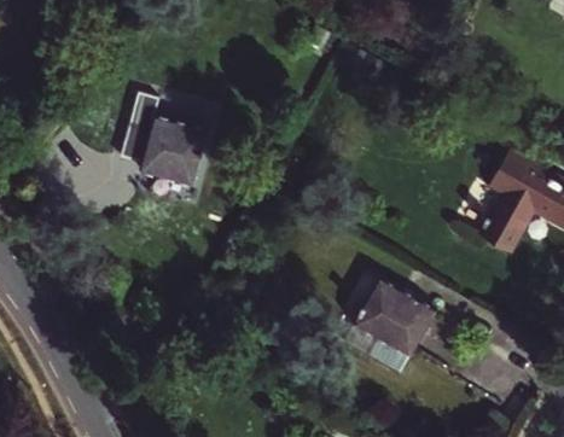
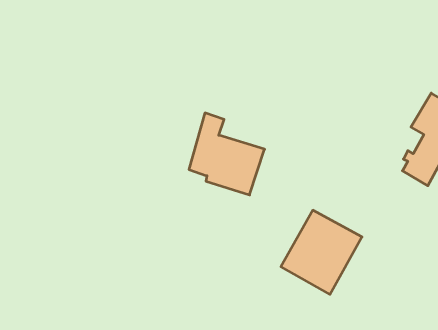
building: [121,93,207,186] -> [189,113,265,195]

